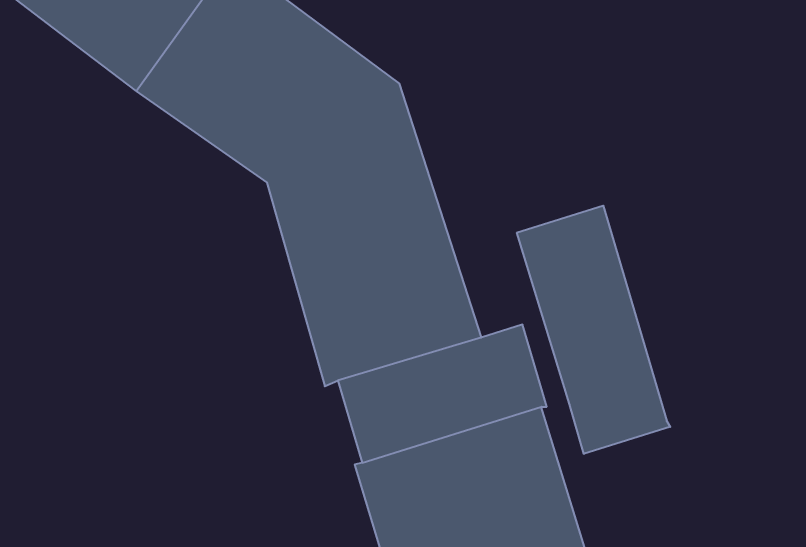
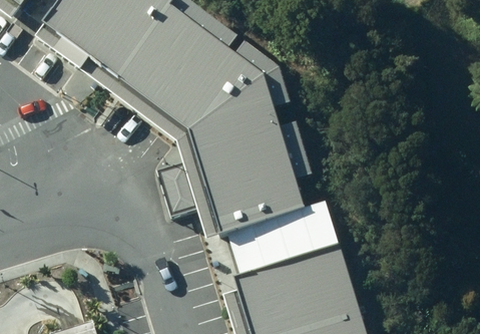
building: [517,206,670,454] -> none

